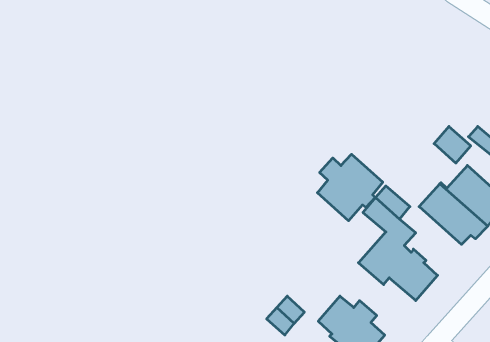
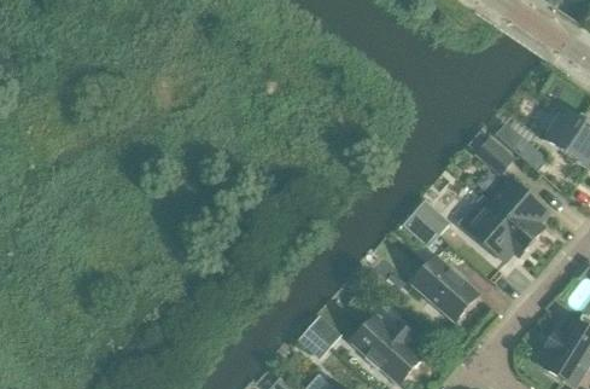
building: [317,154,383,221] -> none

